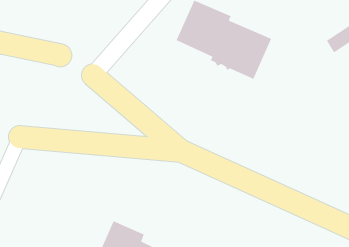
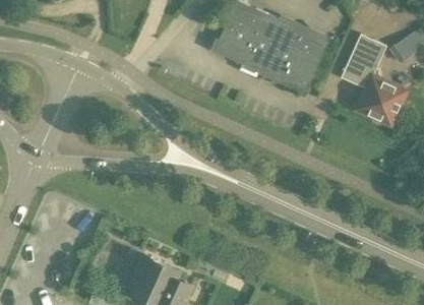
building: none -> [343,35,408,124]

